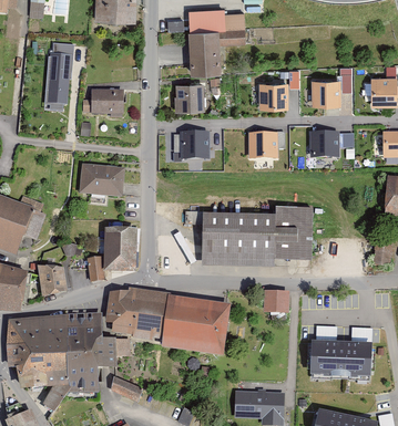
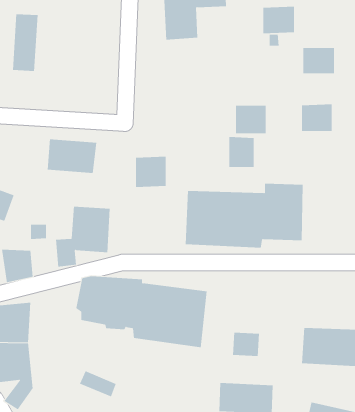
building: [259,82,289,107] -> [263,6,295,34]
building: [176,83,206,112] -> none
building: [88,90,122,114] -> none
building: [183,131,212,159] -> [135,156,166,187]
building: none -> [229,136,254,168]
building: [265,288,290,310] -> [232,332,260,356]
building: [60,312,129,394] -> none

